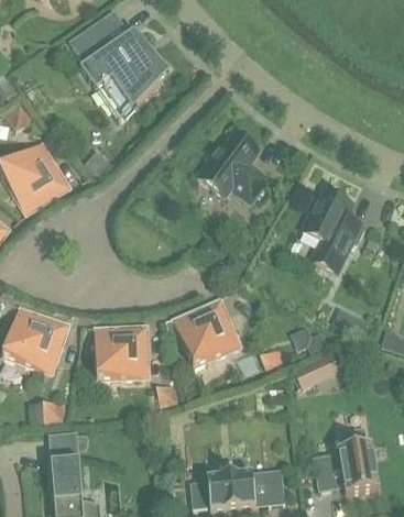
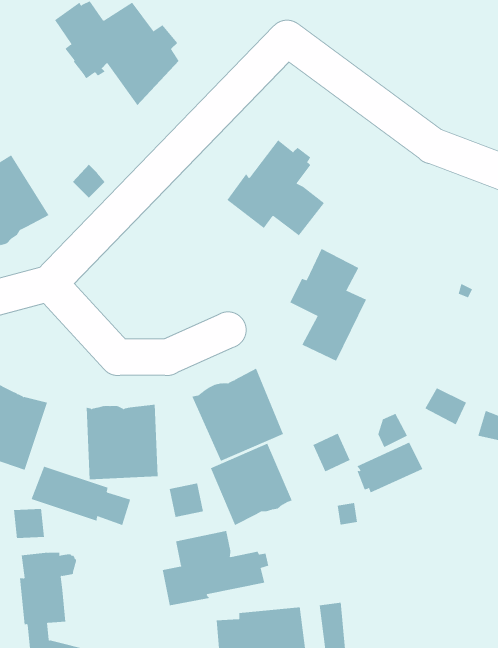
building: [302,190,358,273] -> [290,248,367,361]
building: none -> [210,443,292,526]
building: none -> [31,466,131,526]
building: none -> [162,530,269,606]
building: [313,427,379,494] -> none

